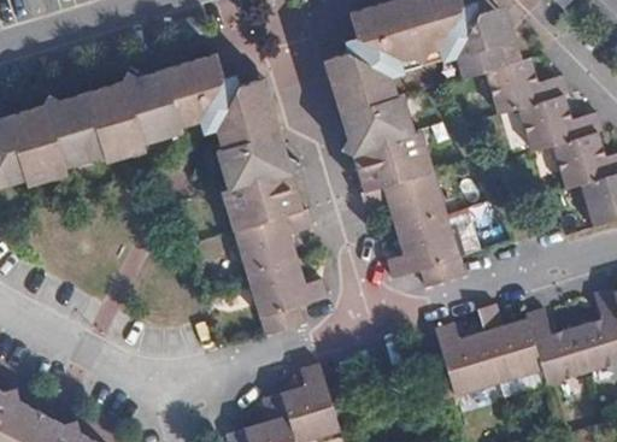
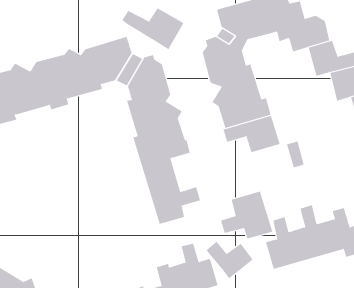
building: none -> [122,7,184,50]
building: [387,216,466,288] -> [220,191,273,239]
building: none -> [206,241,253,279]

